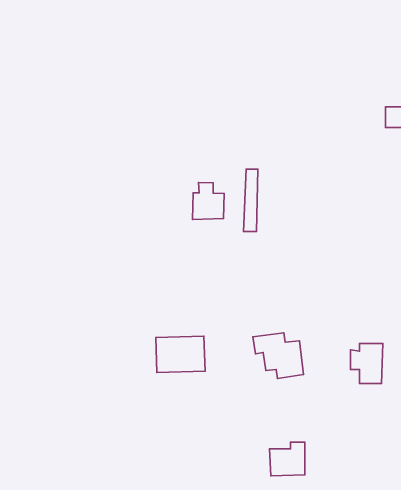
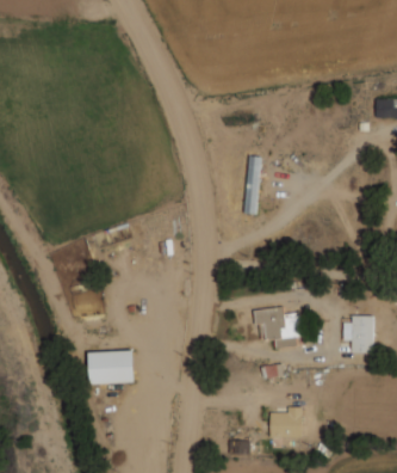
building: [193,182,224,219] -> none
building: [156,336,205,372] -> [88,351,134,385]

